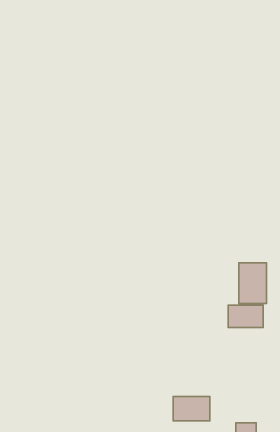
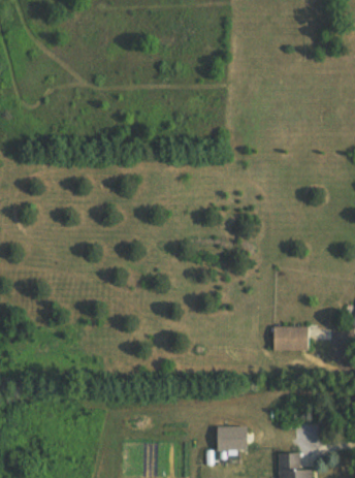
building: [239,263,266,304] -> none

